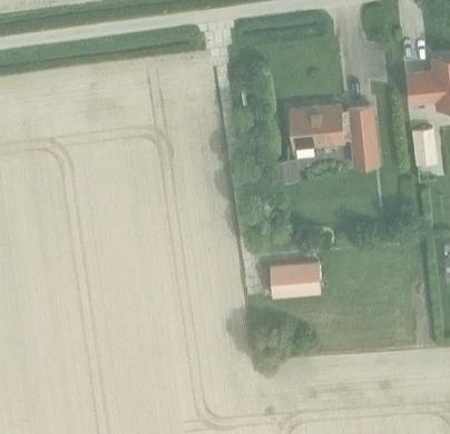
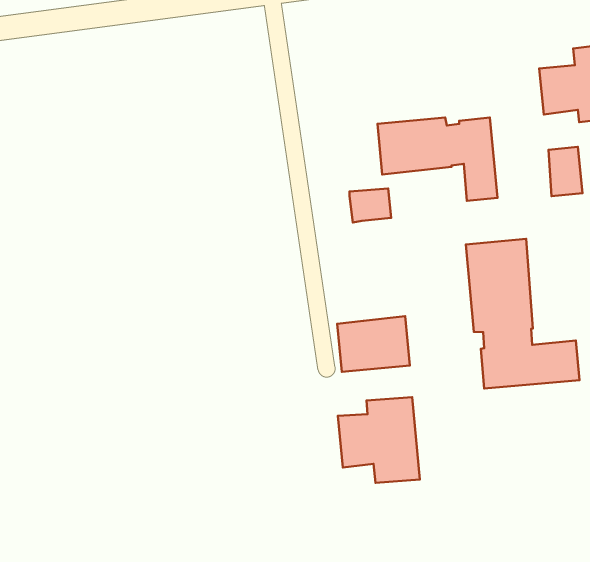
building: none -> [466,239,579,389]
building: none -> [338,397,420,483]

